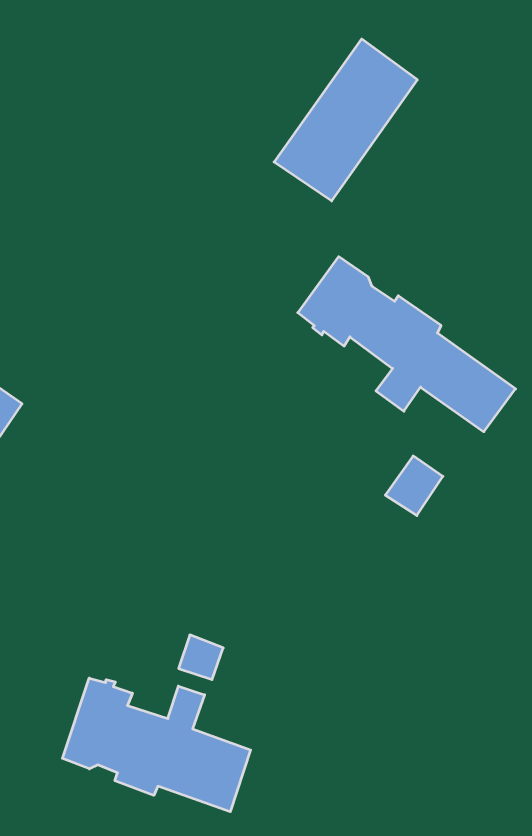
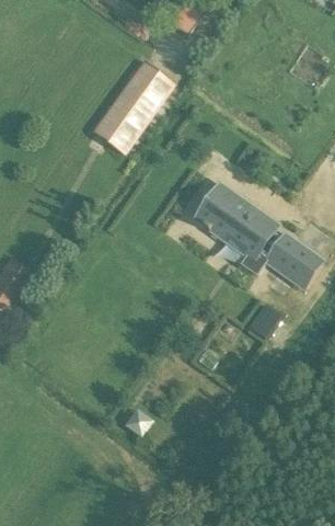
building: [274,39,417,201] -> [90,58,174,153]
building: [62,678,251,812] -> none

